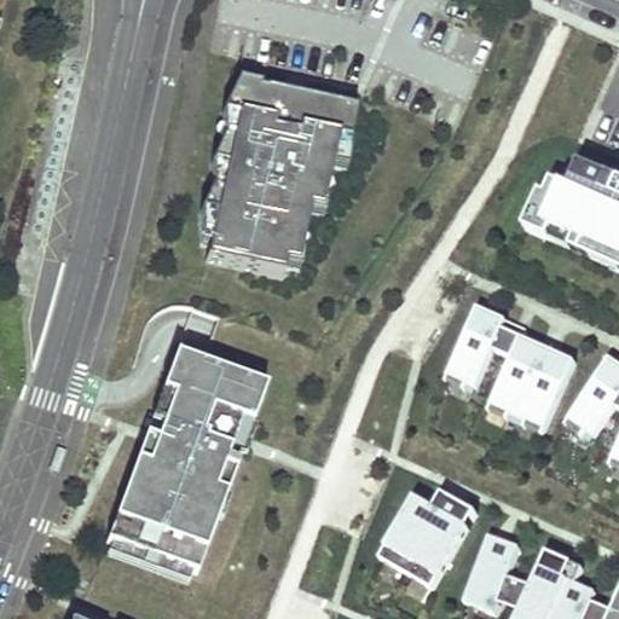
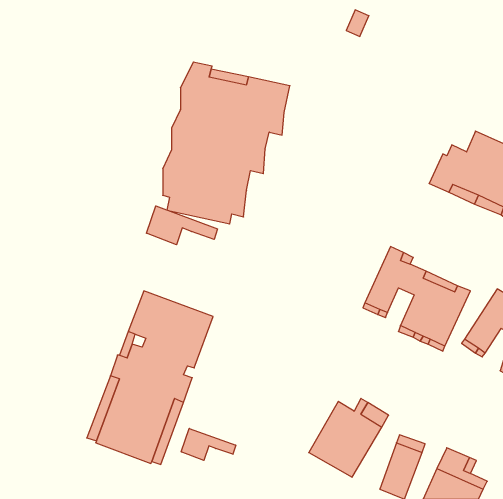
building: none -> [146,206,218,245]
building: none -> [181,428,236,460]

